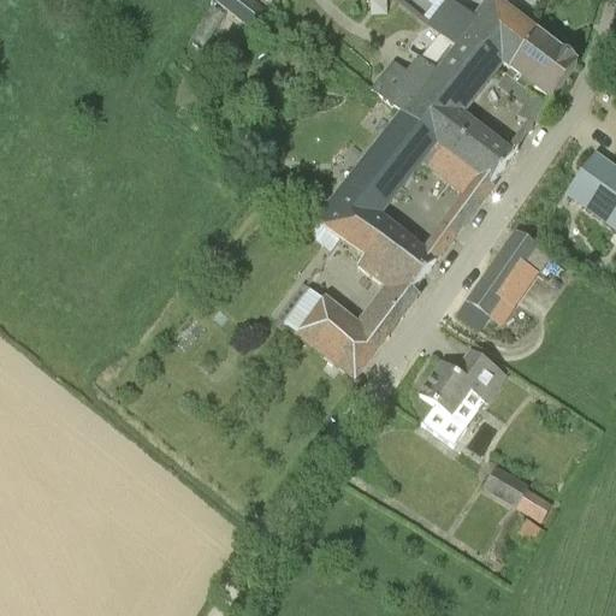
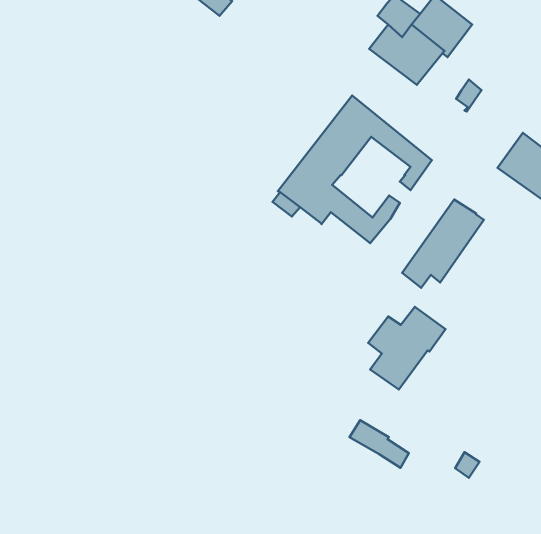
building: [509,28,578,97] -> none
building: [377,55,515,182] -> none
building: [279,241,421,375] -> none
building: [484,463,551,517] -> [349,420,409,468]

